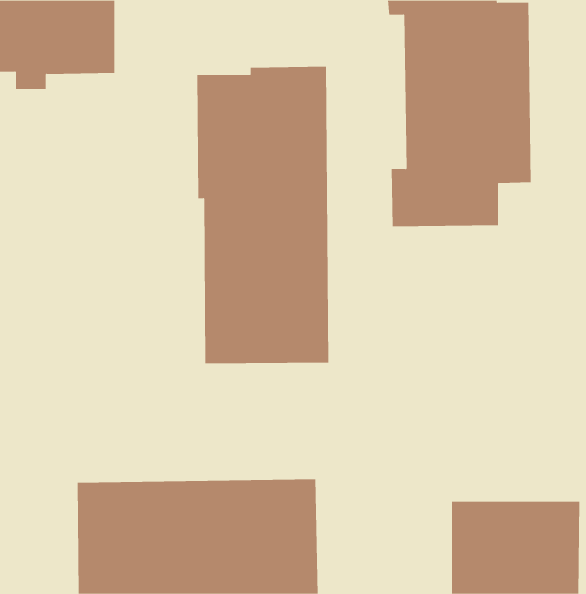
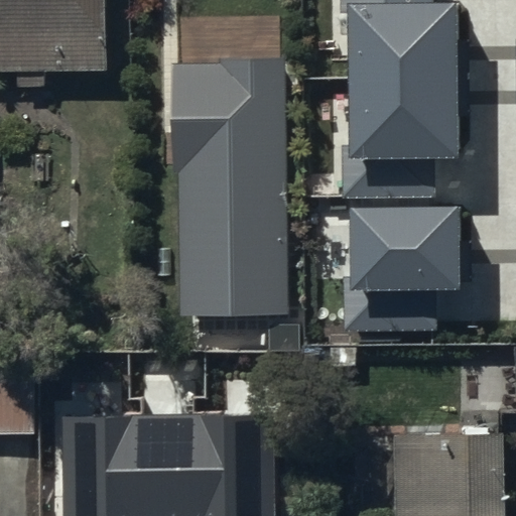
building: none -> [343,207,464,332]

